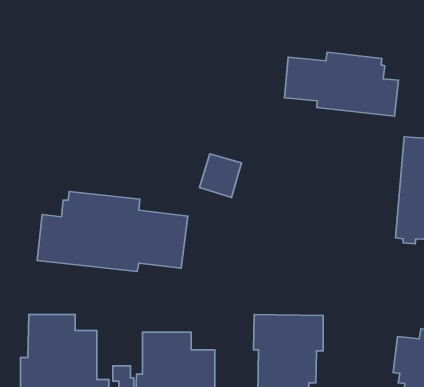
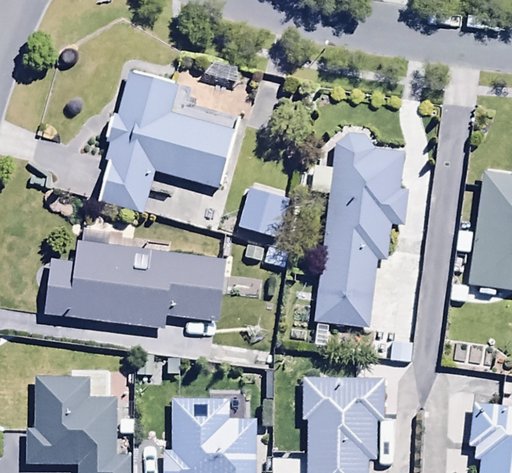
building: [284,52,398,116] -> none
building: none -> [99,70,234,213]
building: none -> [313,133,407,328]

